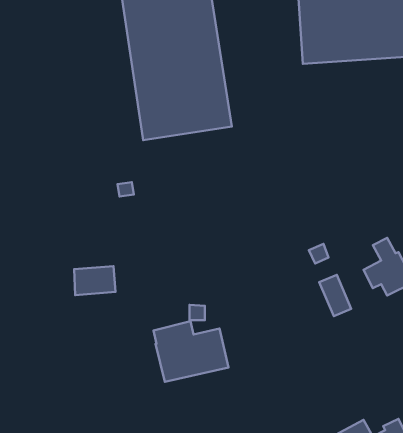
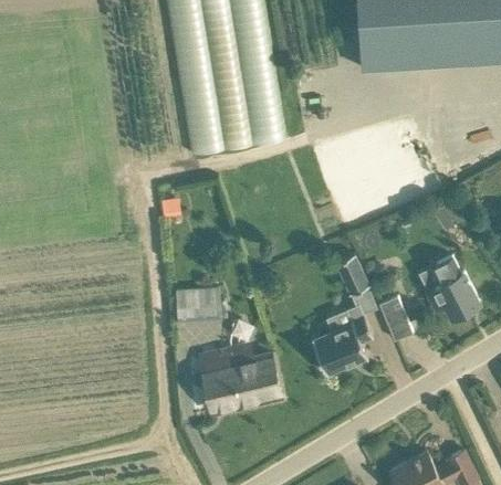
building: none -> [336,256,369,297]
building: [74,266,115,295] -> [176,291,220,321]
building: none -> [313,306,374,377]

